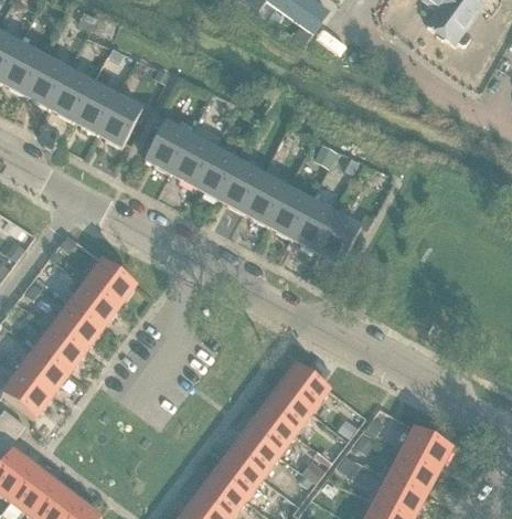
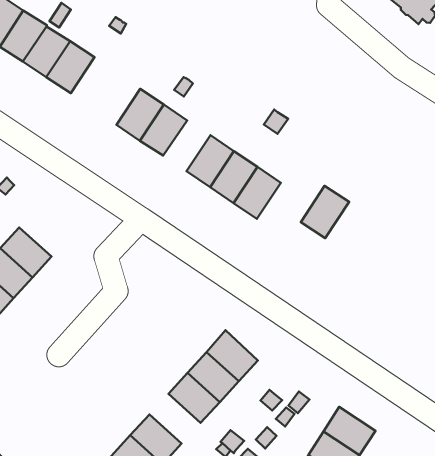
building: [143,120,189,171] -> none
building: [217,160,262,210] -> none
building: [314,212,360,263] -> [301,186,349,238]
building: [84,257,136,306] -> none
building: [228,428,279,476] -> none

